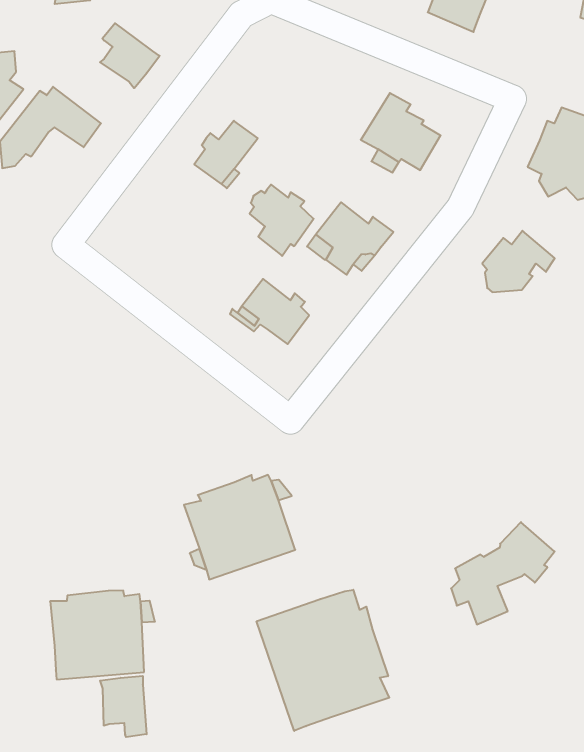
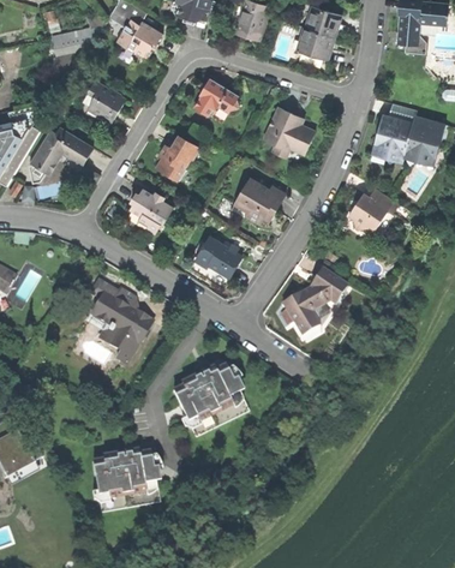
building: none -> [196,74,239,110]
building: [250,185,314,256] -> [128,189,170,234]
building: none -> [88,277,157,366]
building: [451,522,555,624] -> [281,267,346,336]
building: [257,590,389,731] -> none
building: [100,676,147,737] -> none

